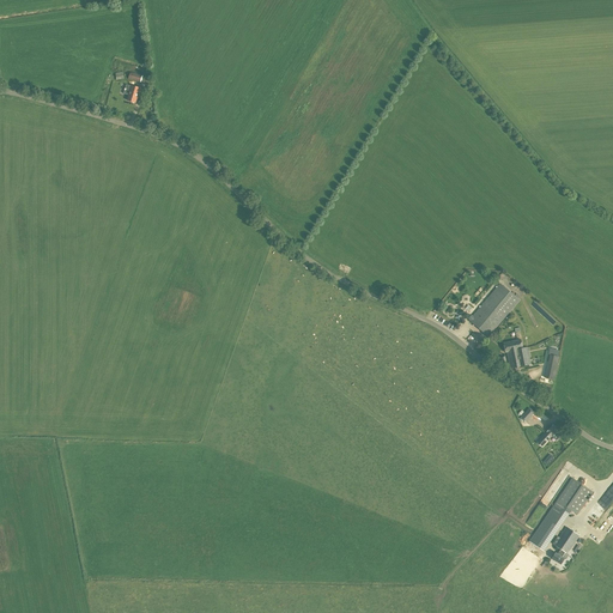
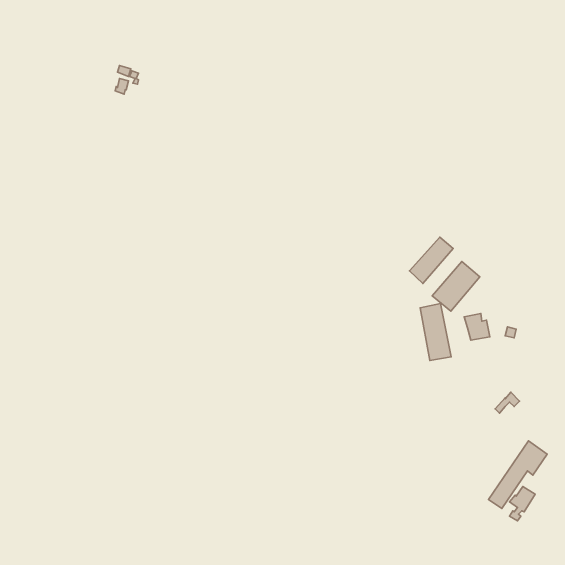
building: none -> [409,237,453,283]
building: none -> [420,304,451,360]

